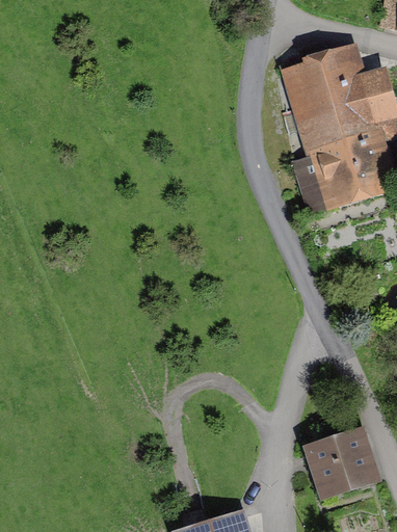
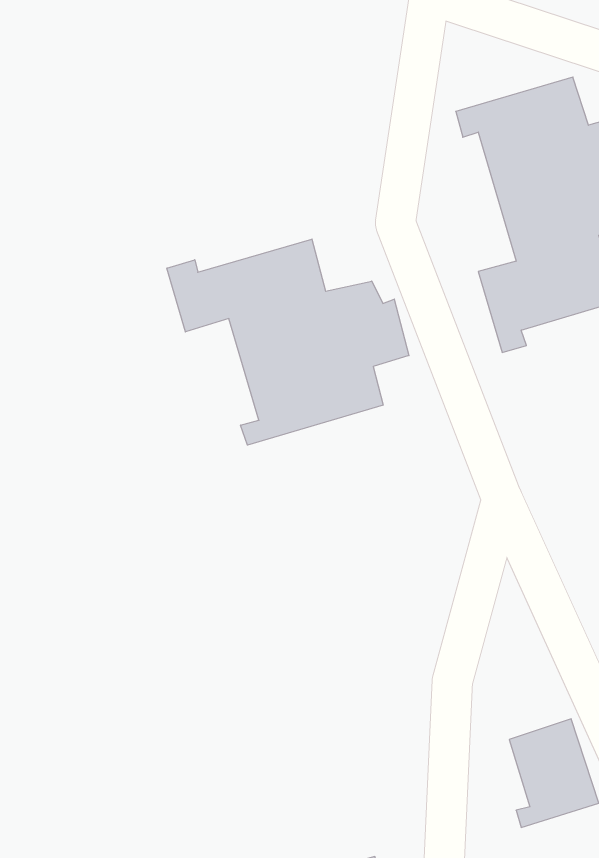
building: none -> [167,239,409,445]

